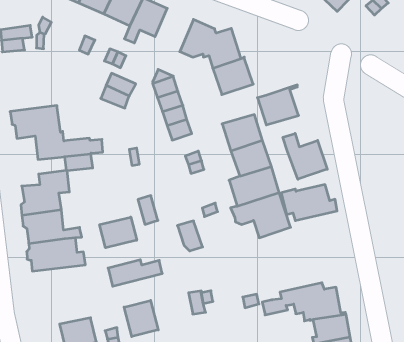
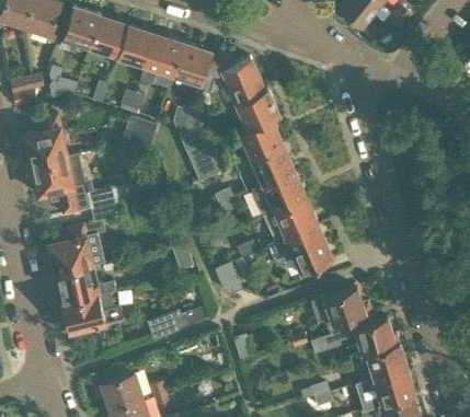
building: none -> [172,44,210,84]
building: none -> [25,116,77,167]
building: [257,85,299,125] -> [239,114,284,159]
building: [283,133,327,179] -> none
building: [281,185,337,221] -> [311,288,371,328]
building: [100,217,137,248] -> none
building: [124,300,158,337] -> none

